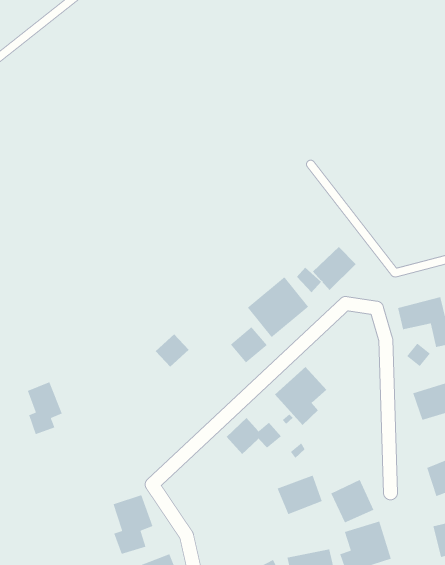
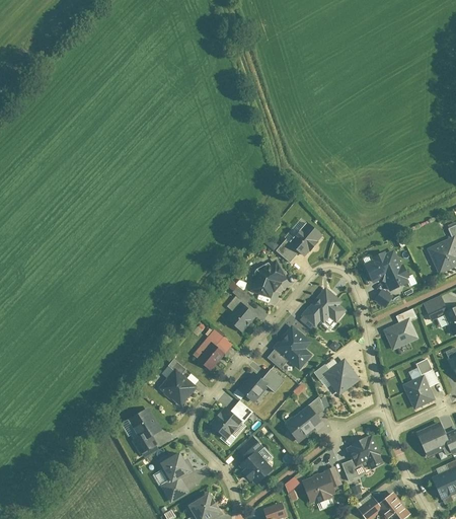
building: none -> [301,285,346,325]
building: [155,334,189,367] -> [202,335,229,362]
building: [27,381,63,435] -> [129,404,160,449]
building: none -> [159,366,198,404]
building: none -> [210,400,243,435]
building: [330,479,375,524] -> [322,358,360,395]
building: none -> [236,433,274,484]

